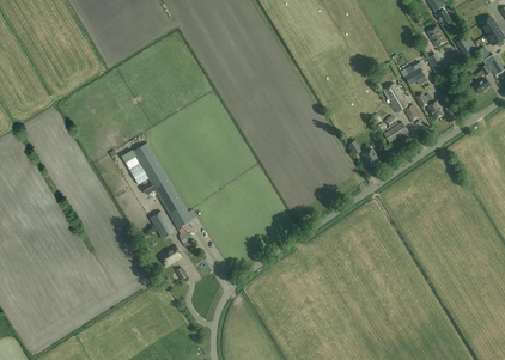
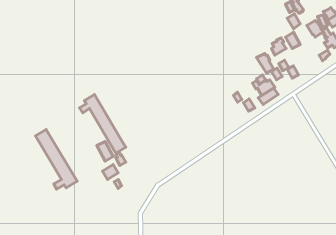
building: none -> [35,129,77,189]

